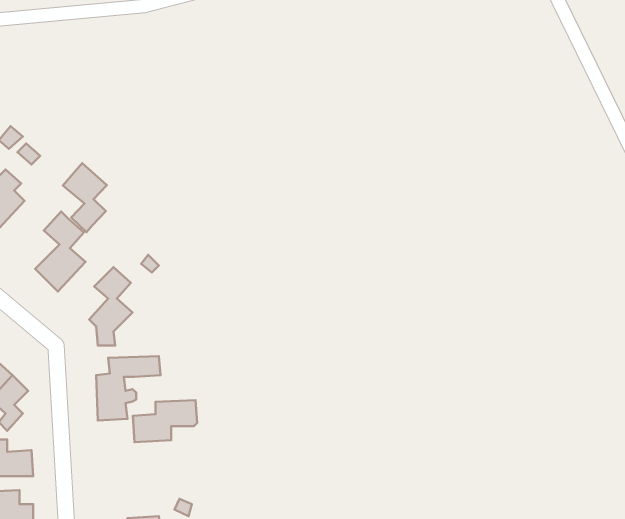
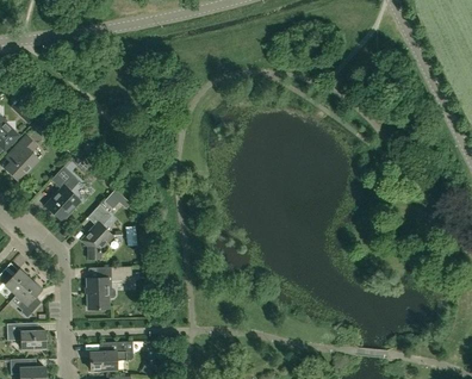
building: [63,163,107,232] -> none
building: [133,400,197,442] -> [89,342,133,371]

